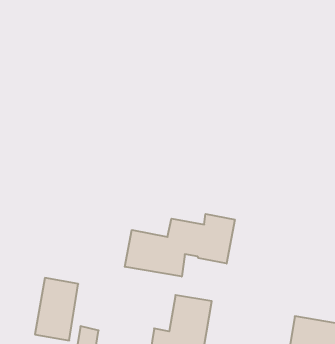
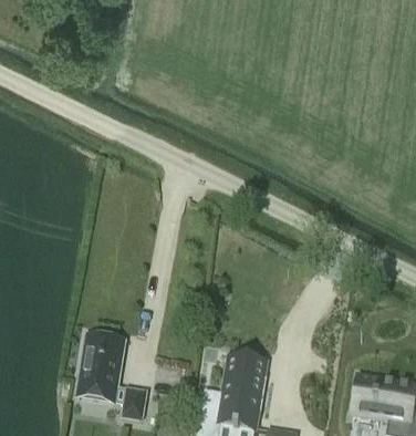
building: [125,214,235,277] -> none

